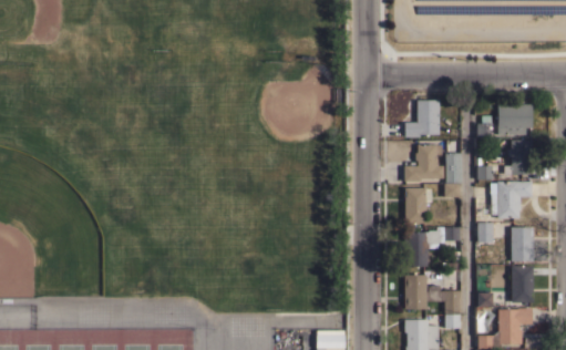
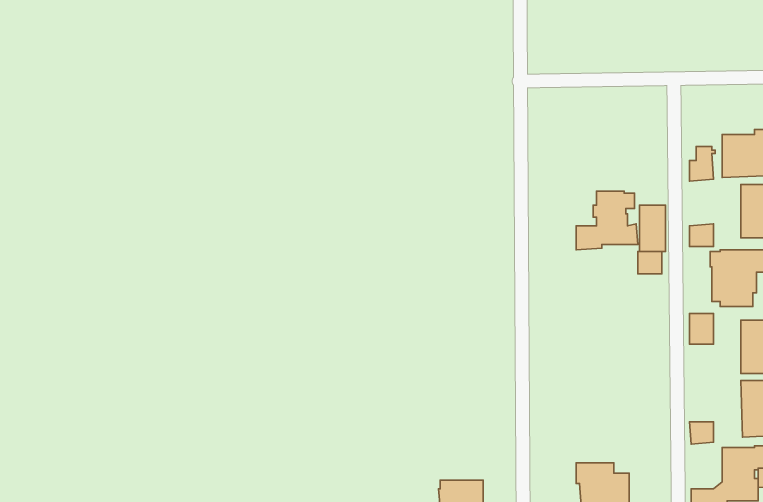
building: [404,100,440,137] -> none
building: [404,187,425,223] -> none
building: [404,227,460,267] -> none
building: [404,275,460,328] -> none

